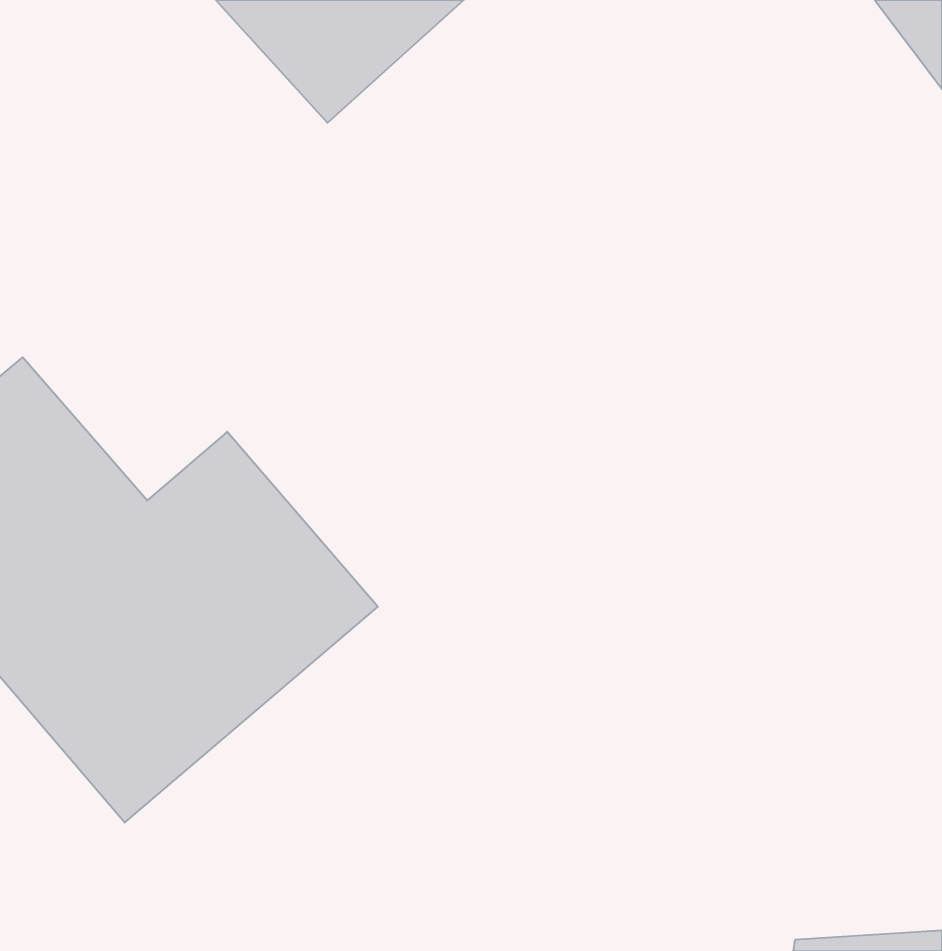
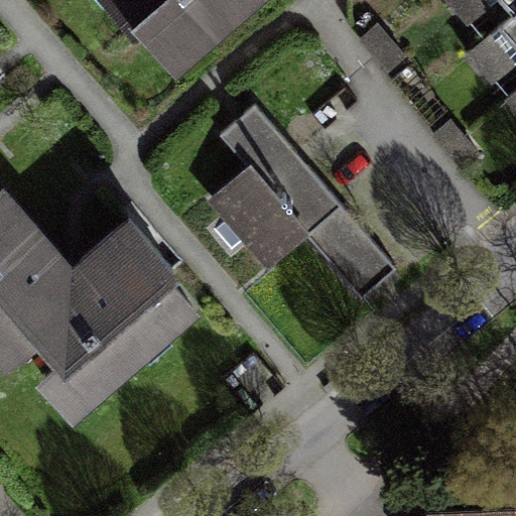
building: none -> [200,100,391,291]

